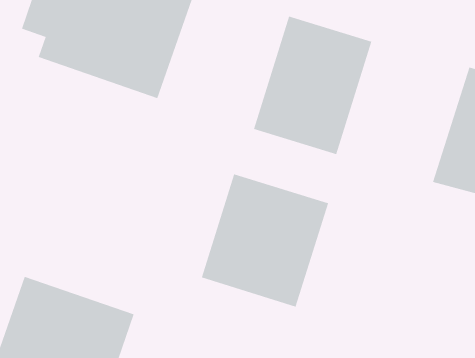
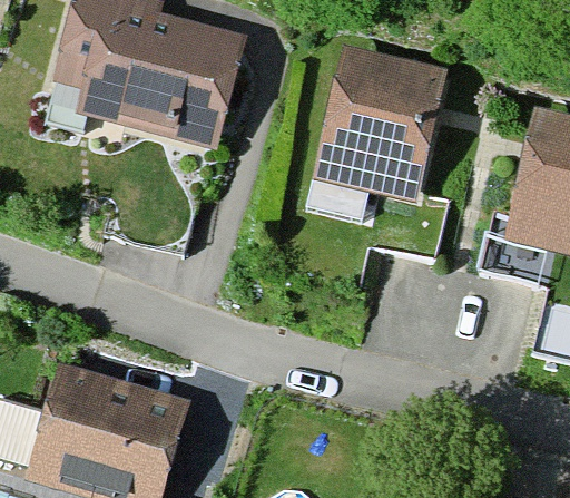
building: [201,173,329,308] -> none

